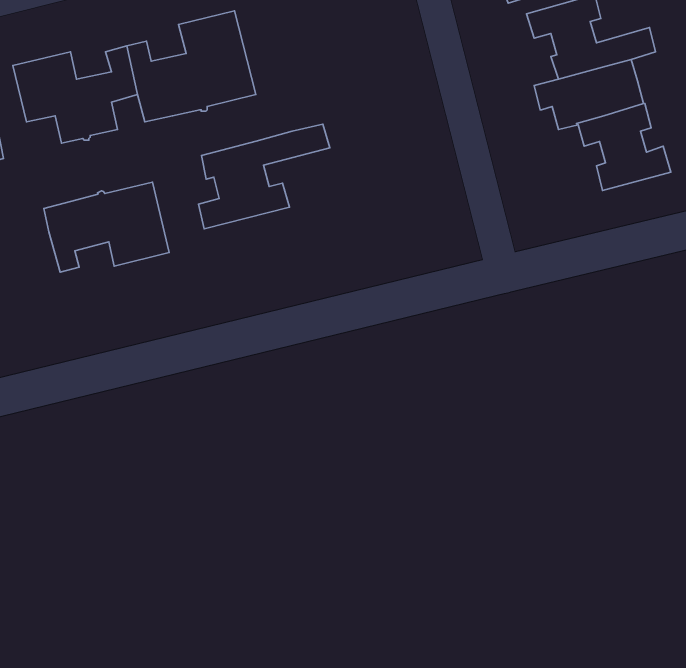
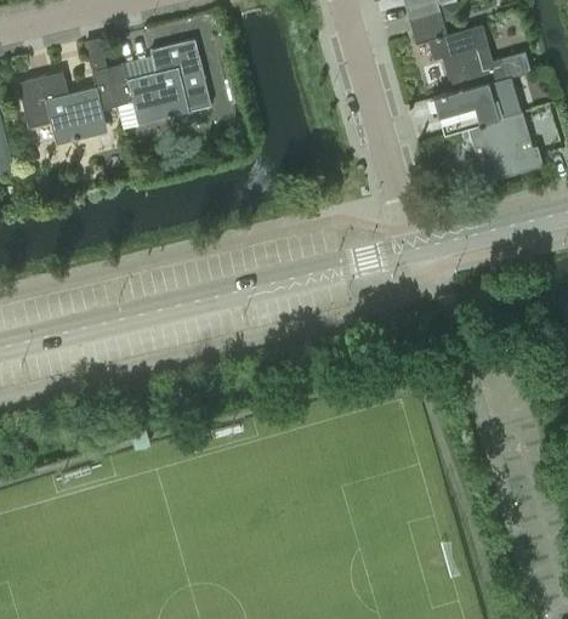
building: [199,124,330,229] -> none
building: [44,182,169,272] -> none

